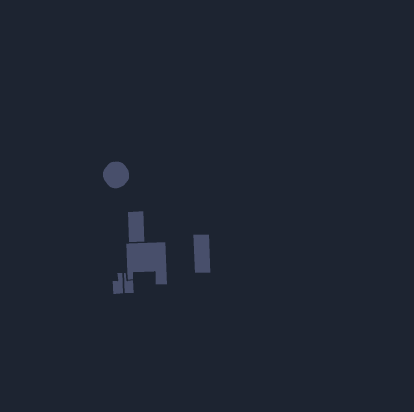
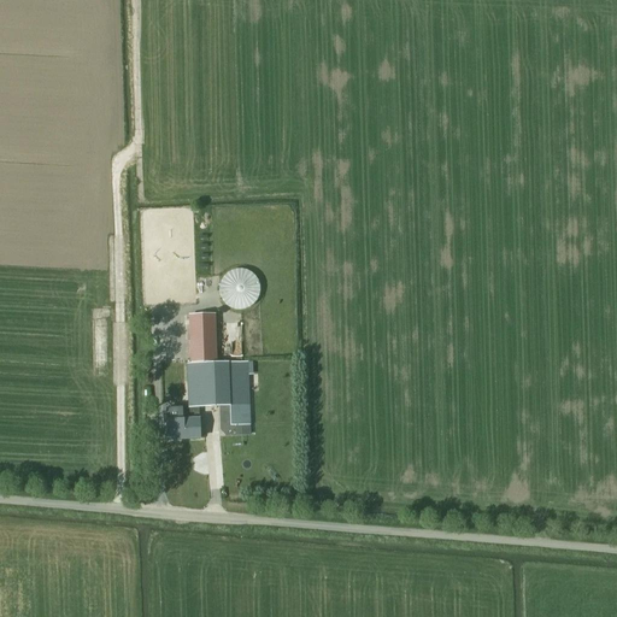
building: [102,161,130,189] -> [219,266,260,307]
building: [193,234,211,273] -> none

